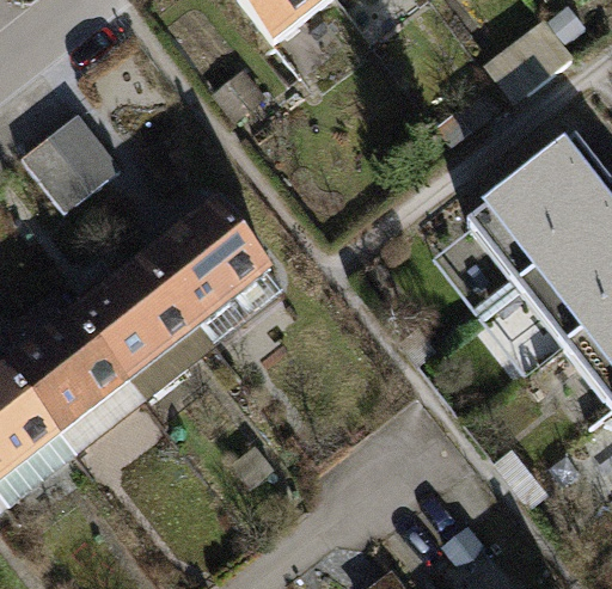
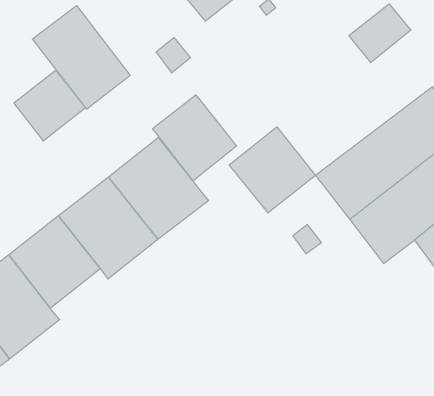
building: none -> [32,6,130,109]
building: none -> [153,95,237,181]
building: none -> [229,127,315,213]

